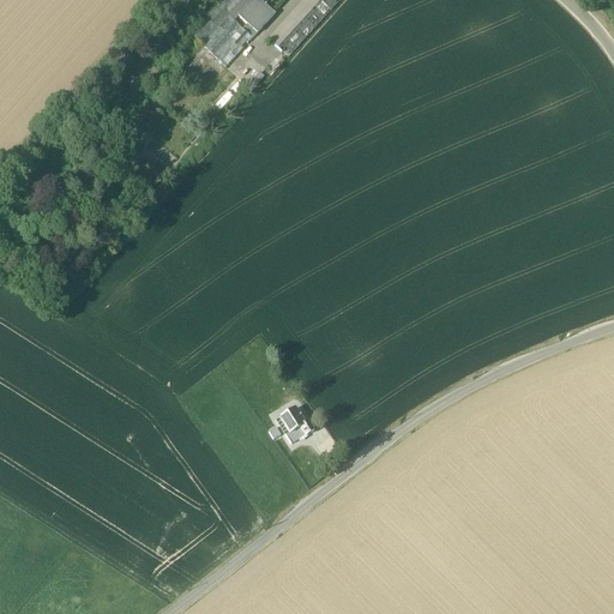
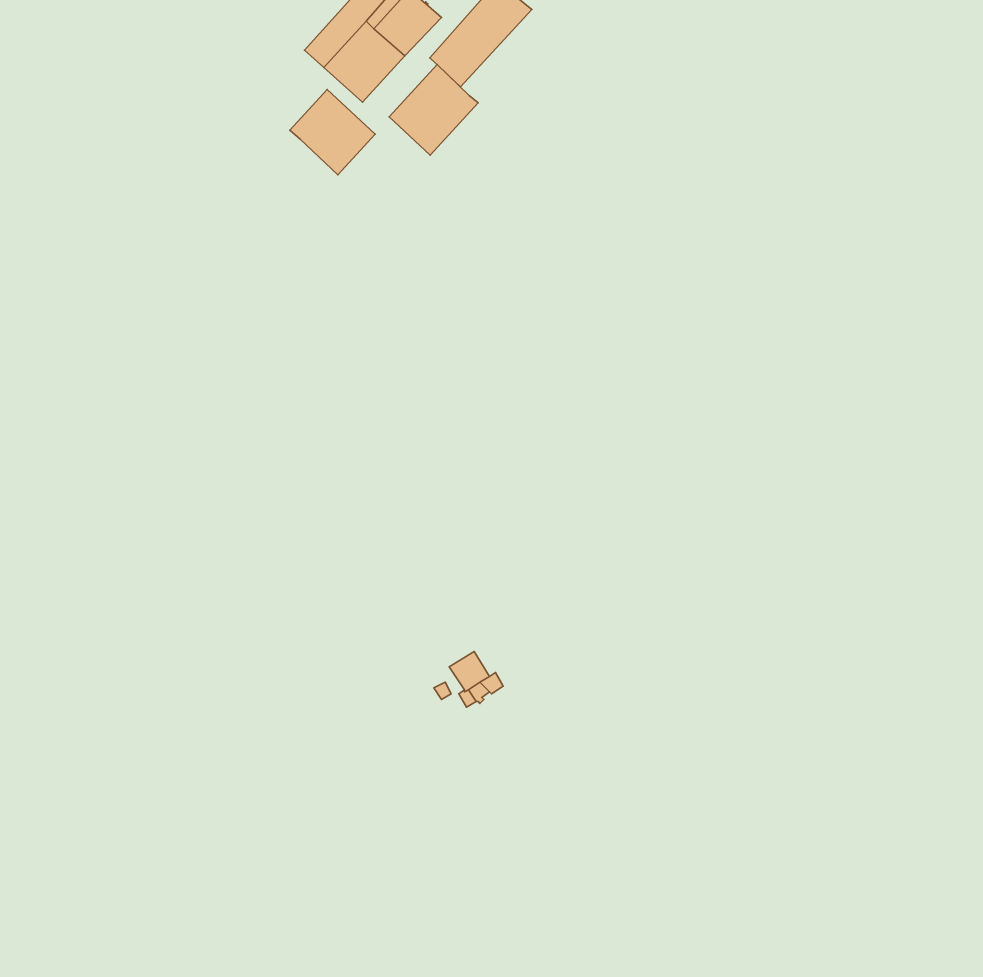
building: none -> [389,65,478,155]
building: none -> [290,89,375,175]

